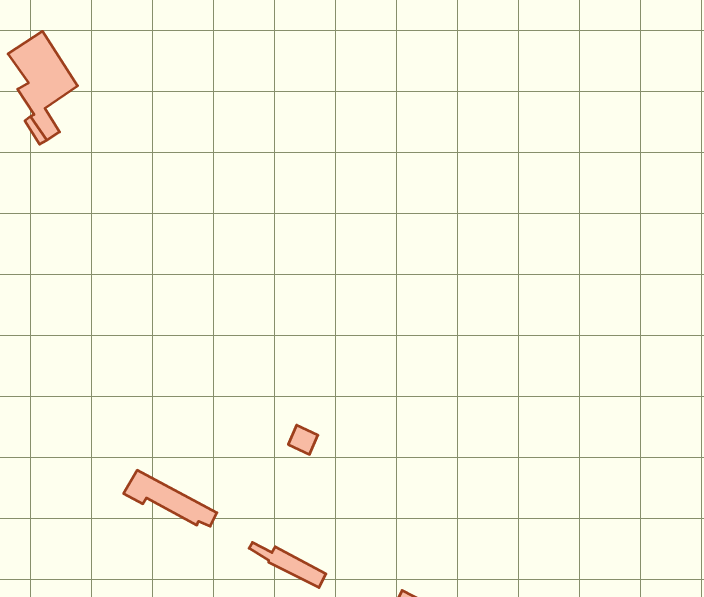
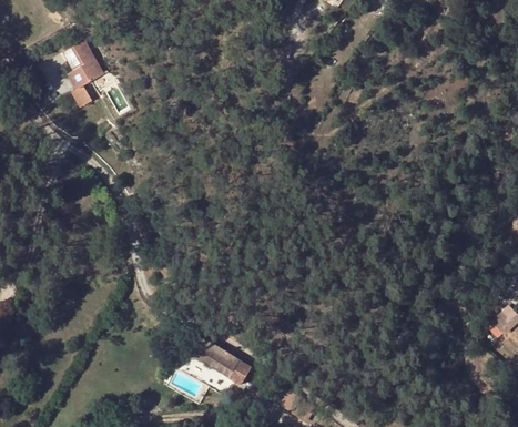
building: [124,470,217,526] -> [192,337,246,373]

